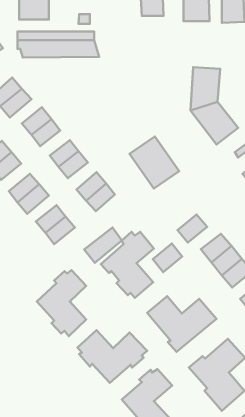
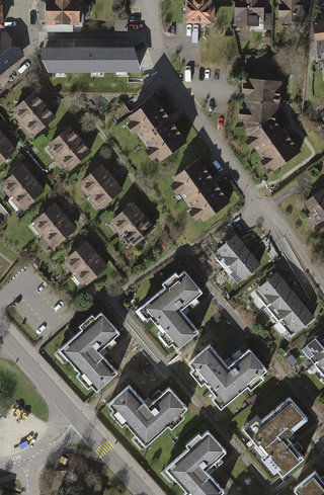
building: none -> [132,101,189,163]
building: [84,227,122,263] -> none
building: [153,243,182,272] -> [216,237,250,270]

